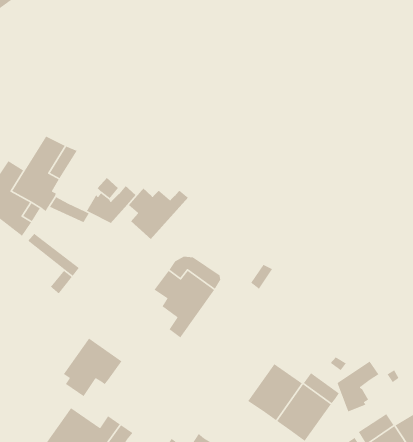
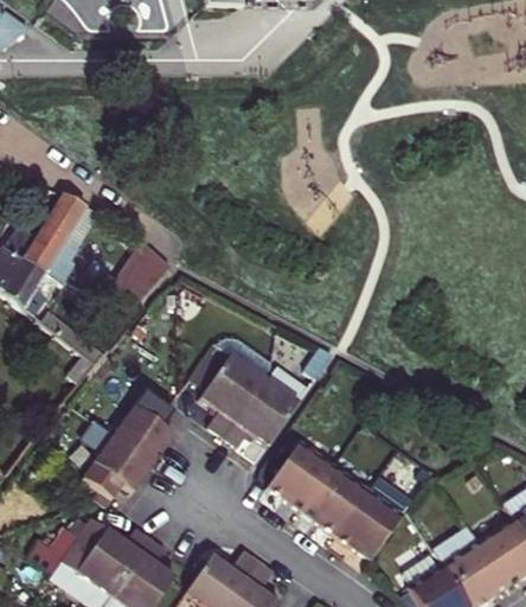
building: [128,187,189,240] -> none
building: none -> [222,379,297,448]
building: none -> [113,392,173,465]
building: none -> [267,442,333,512]
building: [337,361,379,412] -> none

